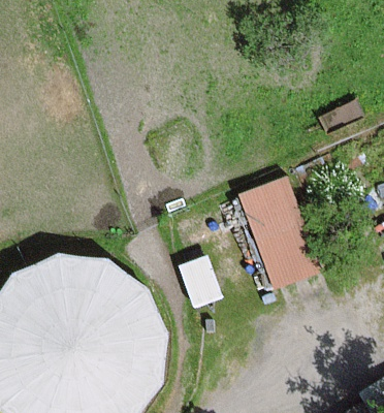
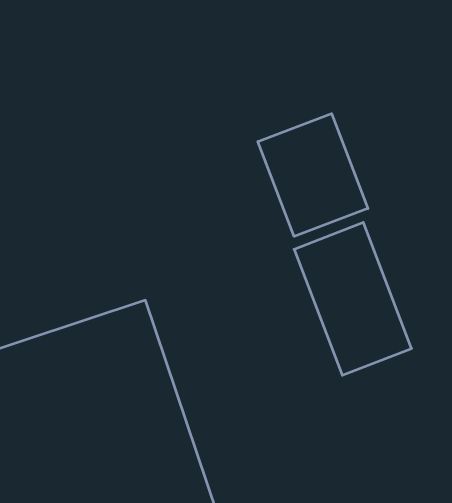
building: none -> [258,114,368,236]

